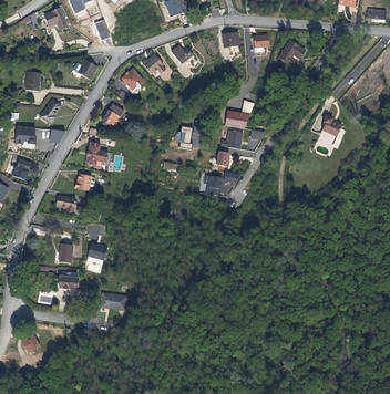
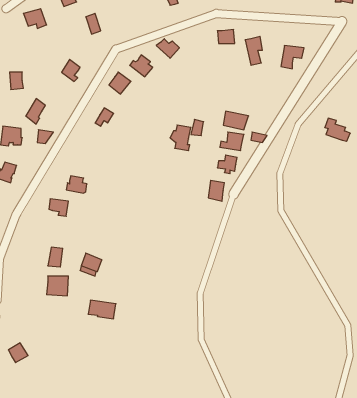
building: [86,144,112,170] -> none

